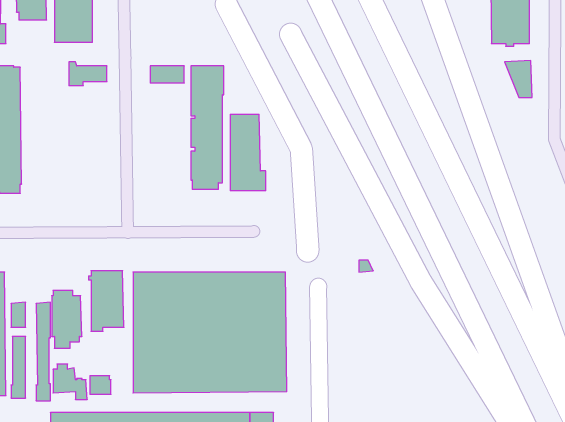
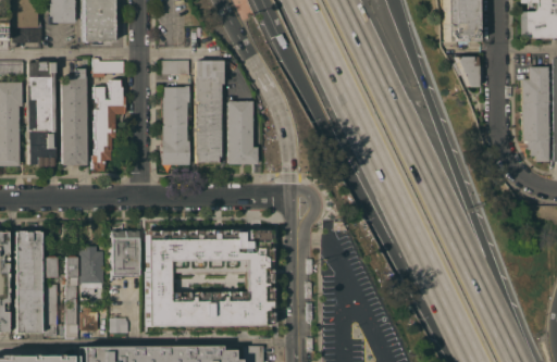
building: none -> [62,67,87,166]
building: none -> [94,78,125,170]
building: none -> [162,85,190,164]

